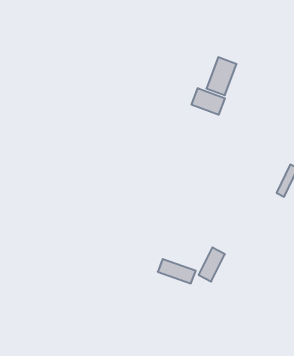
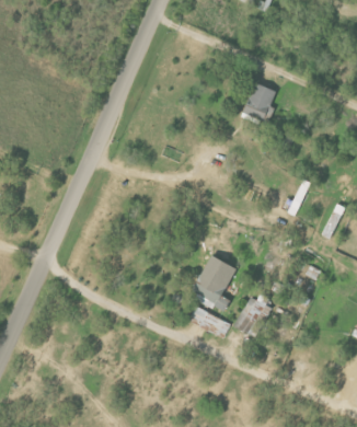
building: [192,88,225,115] -> none
building: none -> [191,254,235,312]

